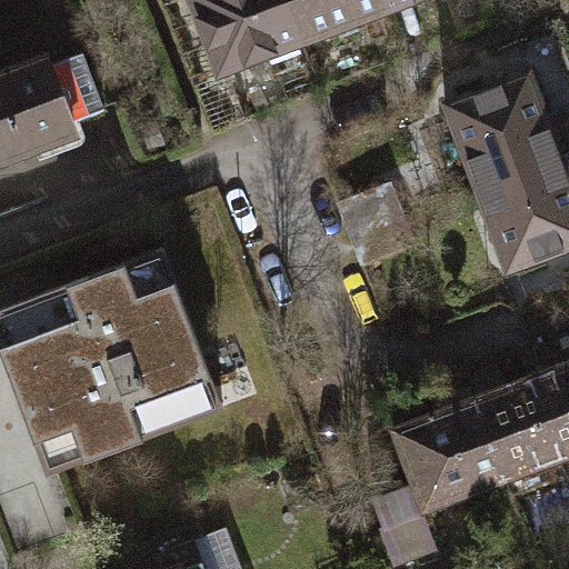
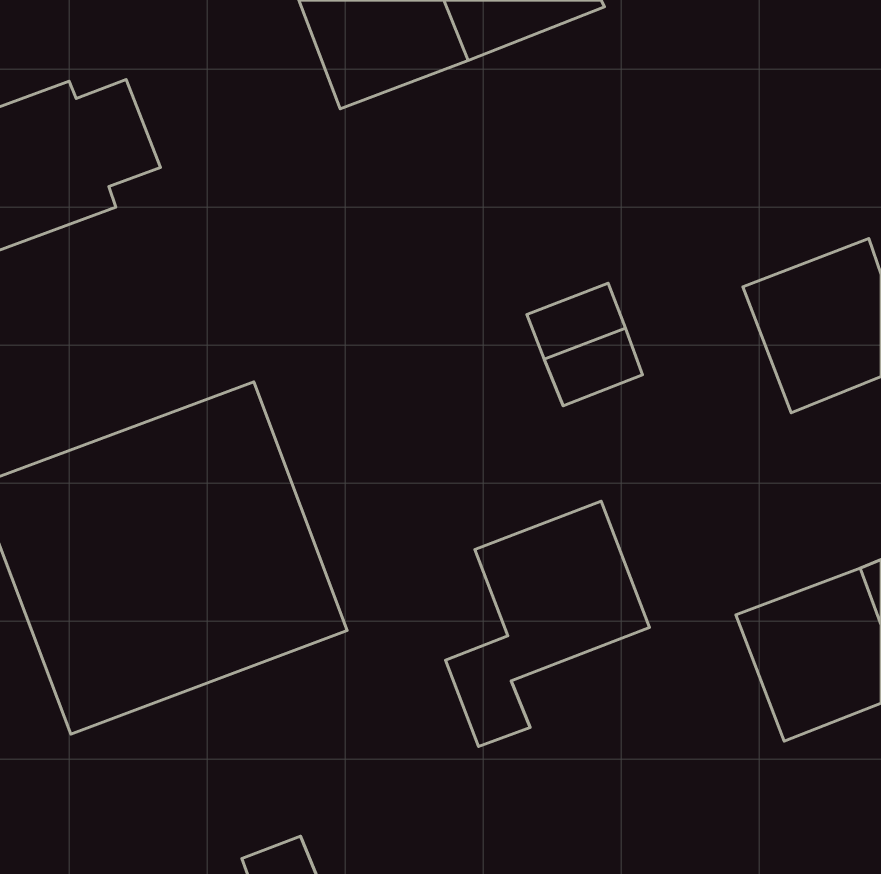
building: [443,74,561,190] -> none
building: [373,401,505,559] -> [446,501,649,747]

